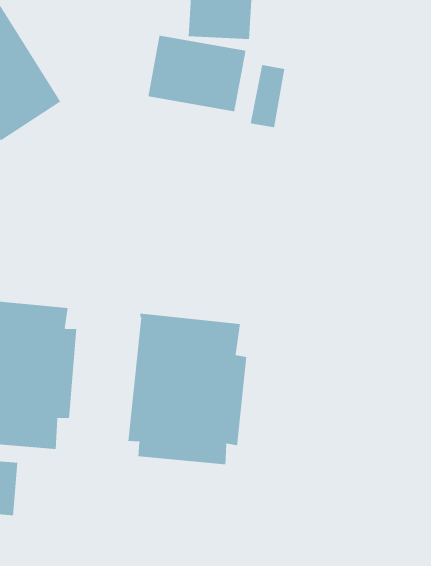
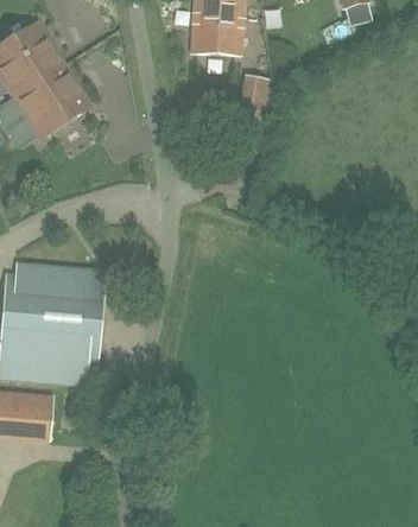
building: [148,35,246,112] -> none
building: [128,313,247,465] -> none

